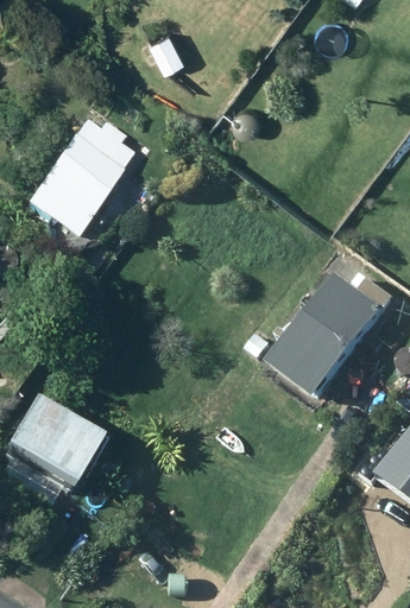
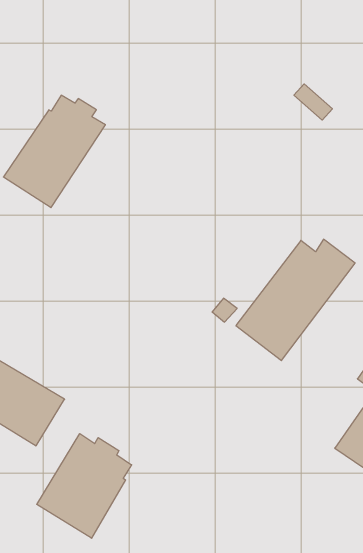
building: none -> [37,434,132,538]

